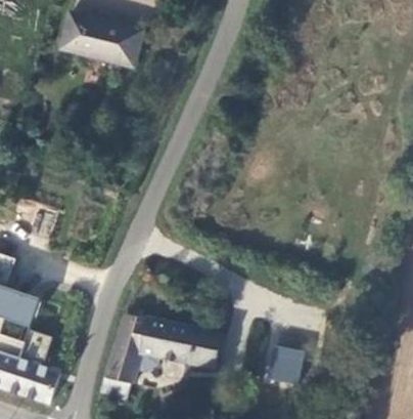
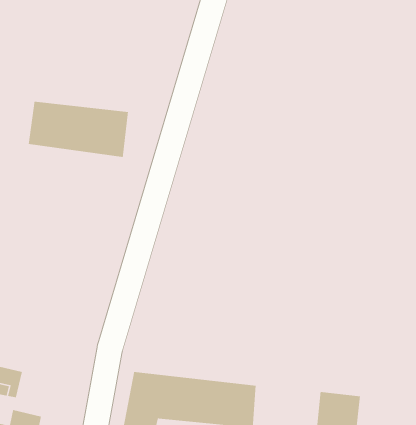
building: [60,16,142,69] -> [28,101,129,158]

